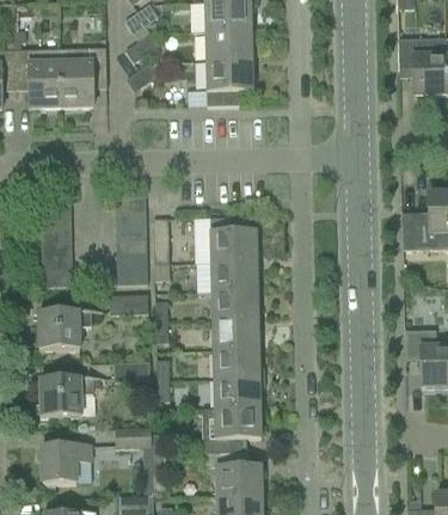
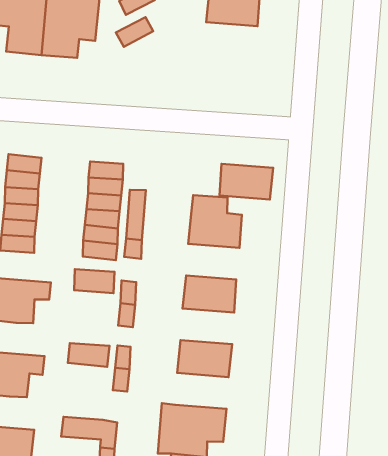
building: [205,60,253,105] -> none
building: [210,260,257,290] -> [220,164,273,199]
building: [211,319,259,349] -> none
building: [213,378,260,407] -> none

